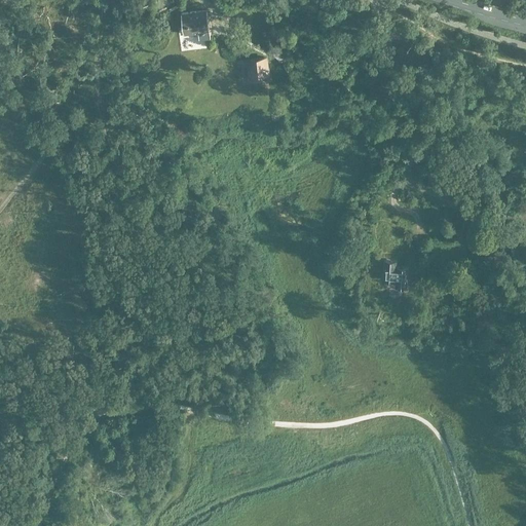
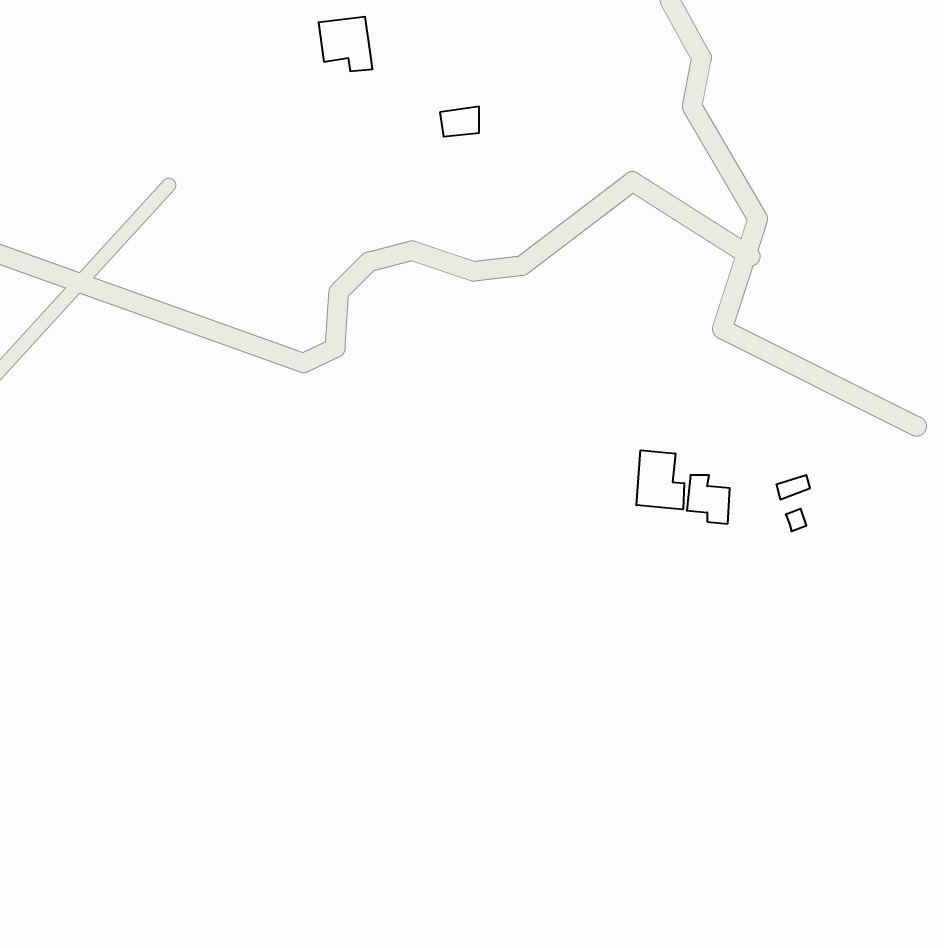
building: none -> [636,450,684,509]

